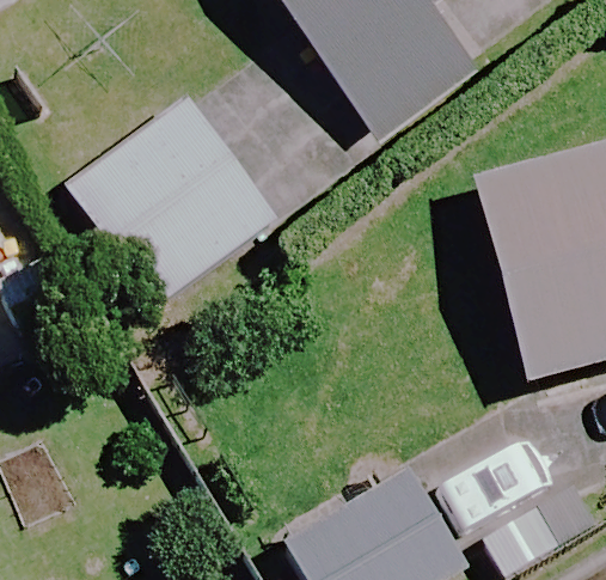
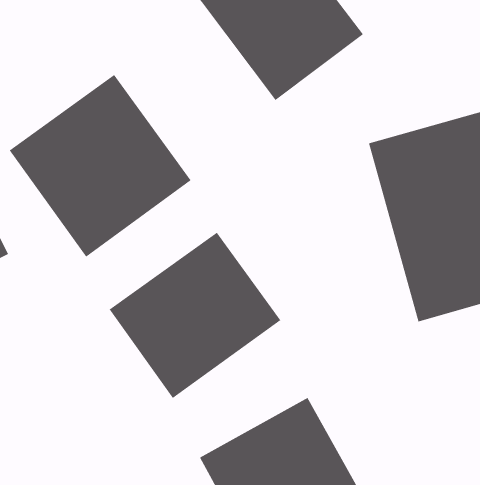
building: none -> [109,232,281,399]

